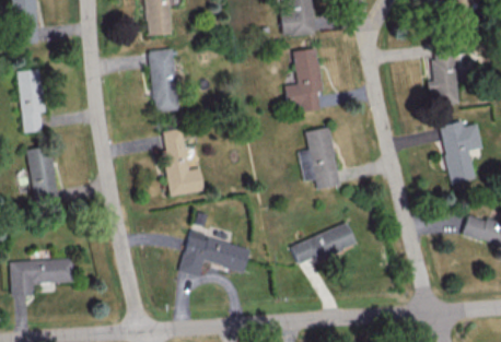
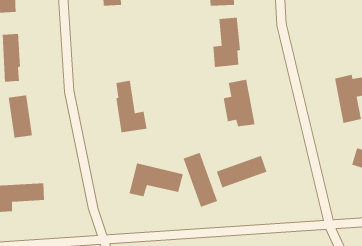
building: [150,49,177,110] -> none
building: [429,49,459,106] -> none
building: none -> [183,152,218,208]

